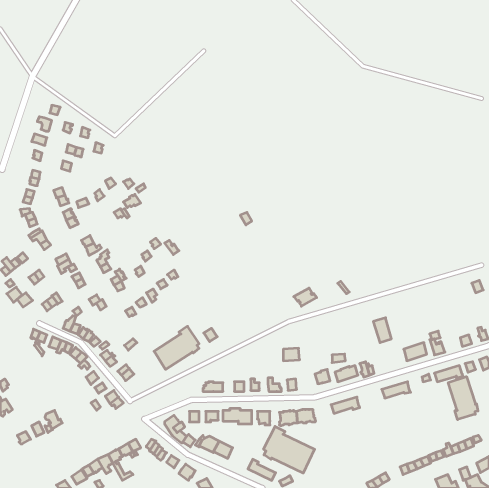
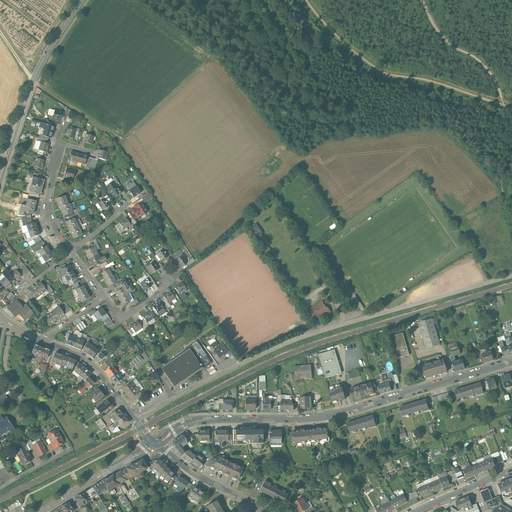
building: none -> [418,318,440,348]
building: none -> [318,349,342,377]
building: [448,377,478,420] -> none
building: [264,426,315,473] -> none

